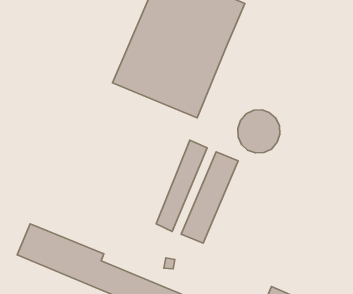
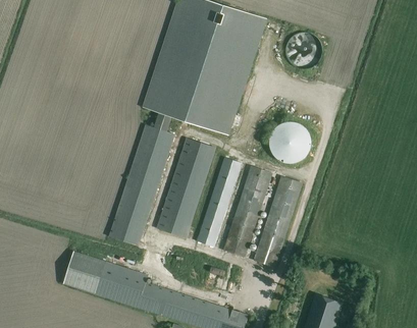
building: none -> [108,124,174,245]
building: none -> [156,139,215,238]
building: none -> [253,176,302,267]

